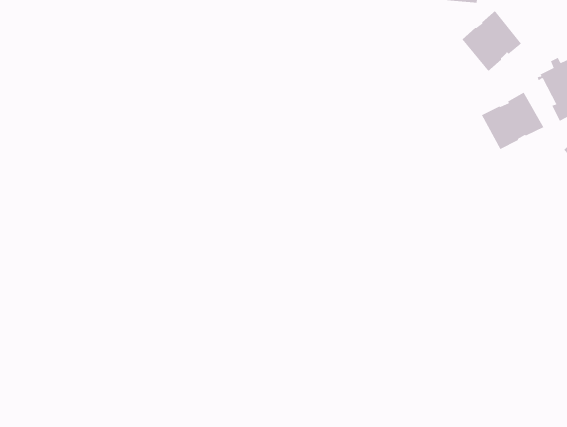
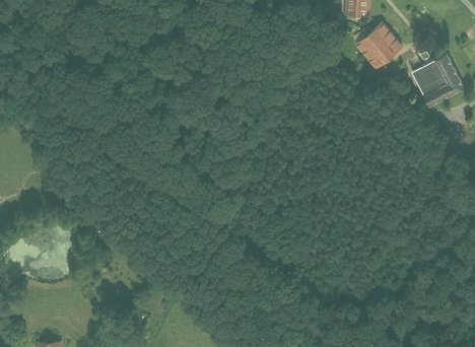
building: [481,92,544,150] -> none

